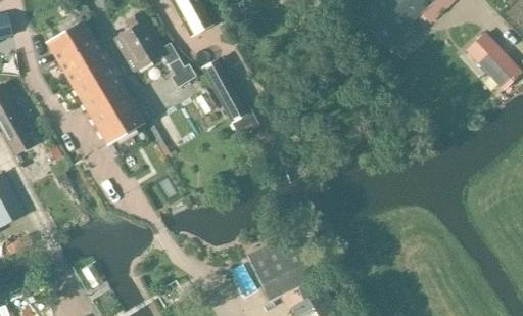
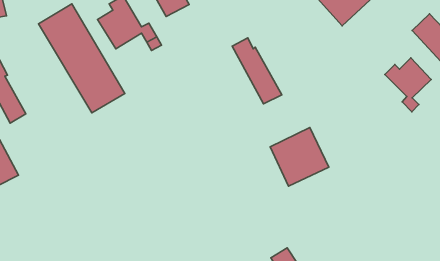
building: [204,62,259,136] -> [232,38,282,104]
building: none -> [385,58,431,112]
building: [248,235,314,301] -> [270,128,329,186]

